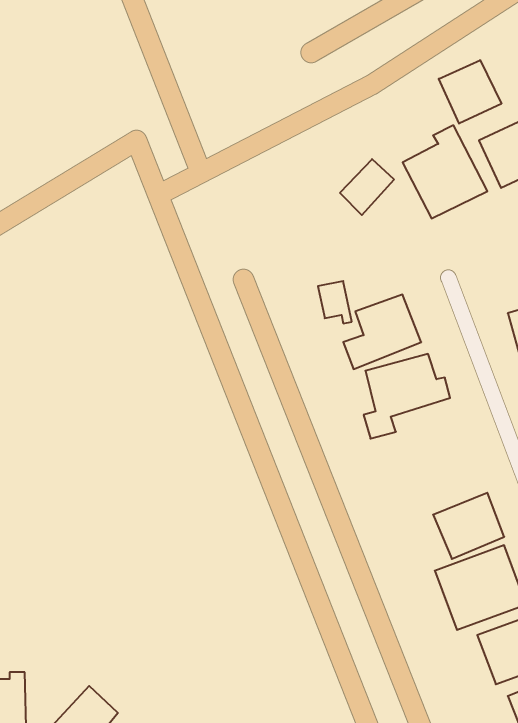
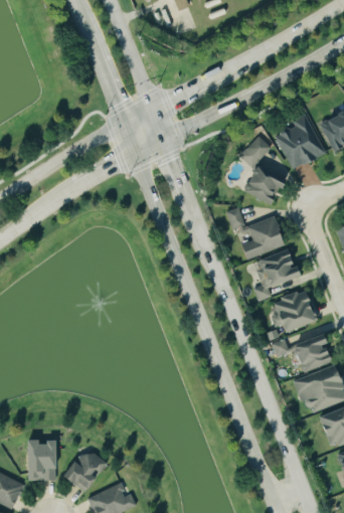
building: [439,60,501,124] -> none
building: none -> [243,164,290,204]
building: none -> [266,289,317,356]

